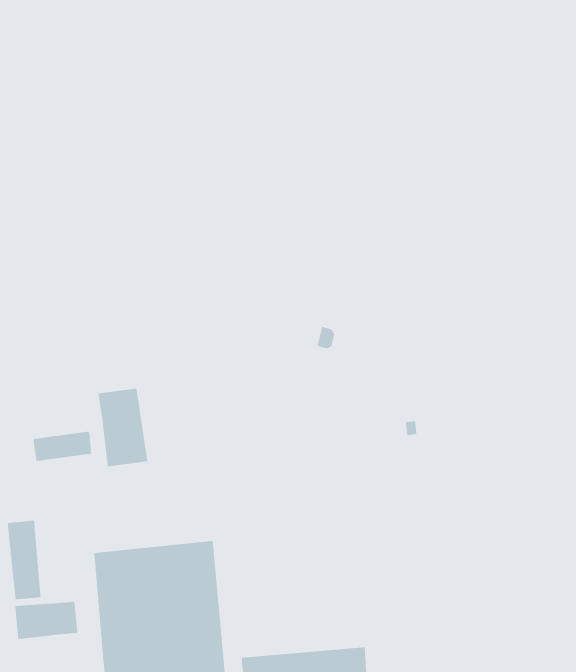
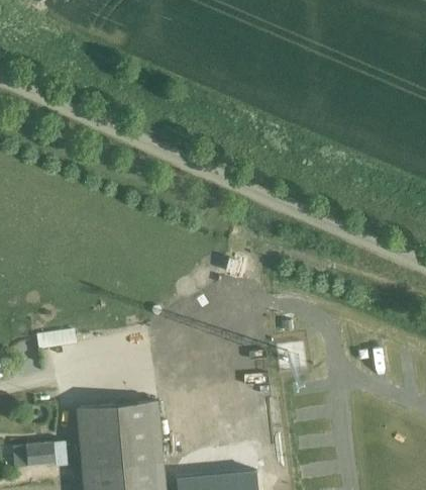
building: [98,388,148,467] -> none
building: [7,520,41,600] -> none

